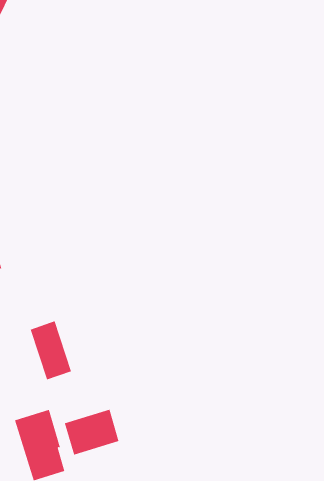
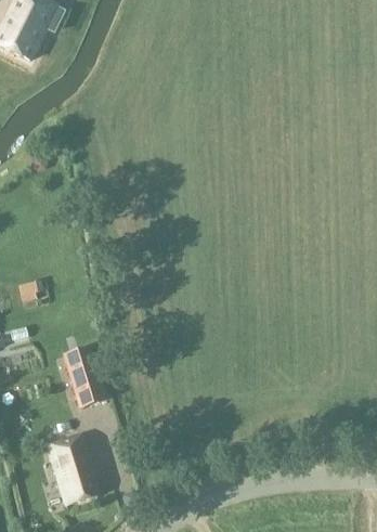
building: [64,409,119,456] -> none

